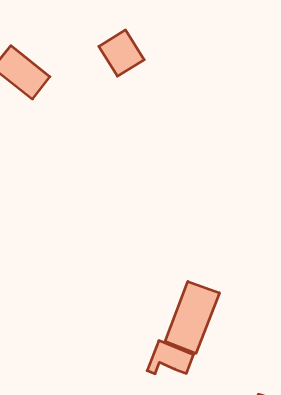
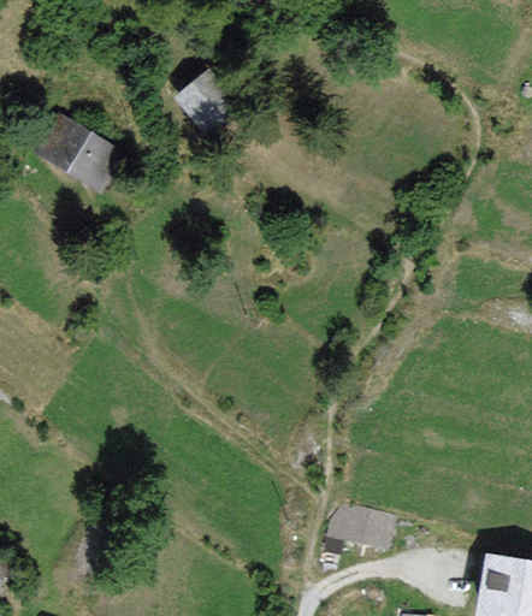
building: [165,281,219,353] -> none

